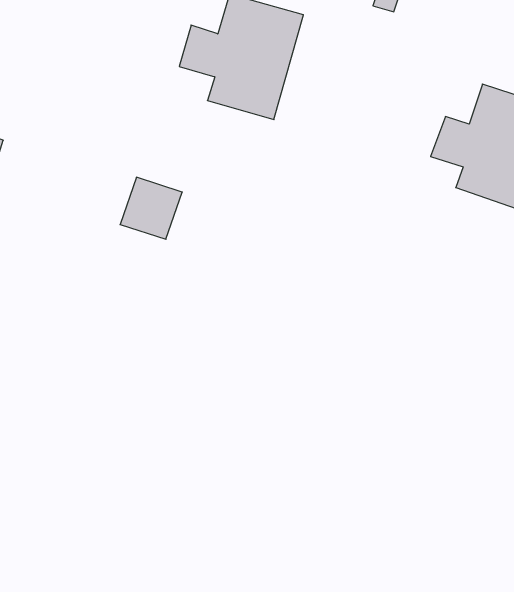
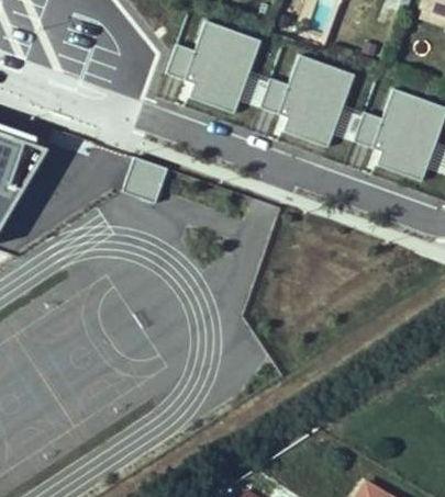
building: none -> [259,55,354,147]

